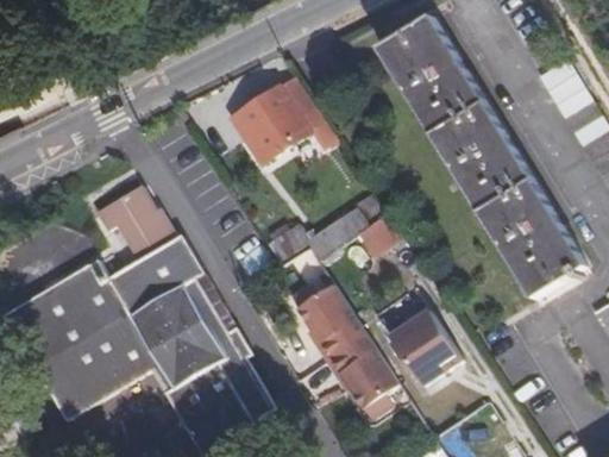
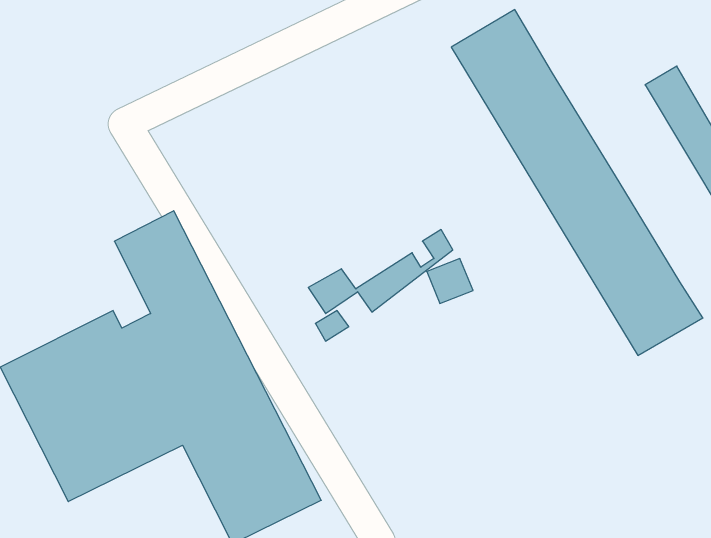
building: [228,83,318,163] -> none
building: [287,277,406,421] -> none
building: [375,286,464,387] -> none

